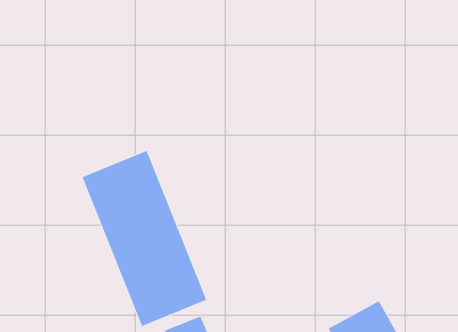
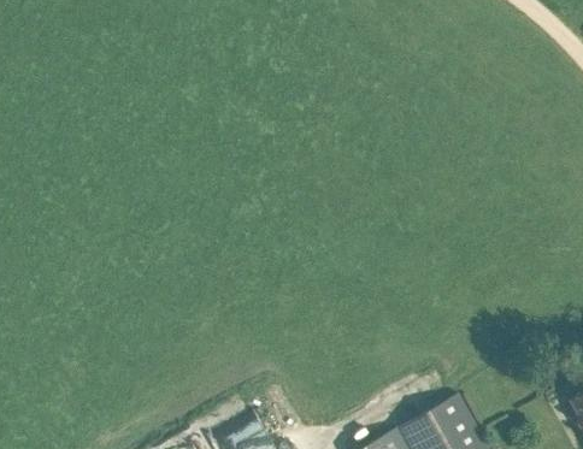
building: [82,150,207,327] -> none

